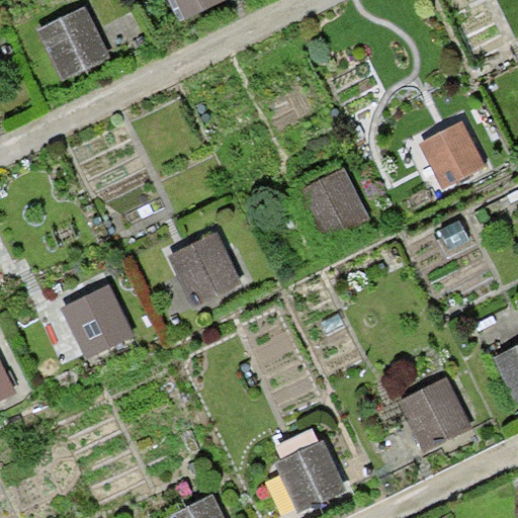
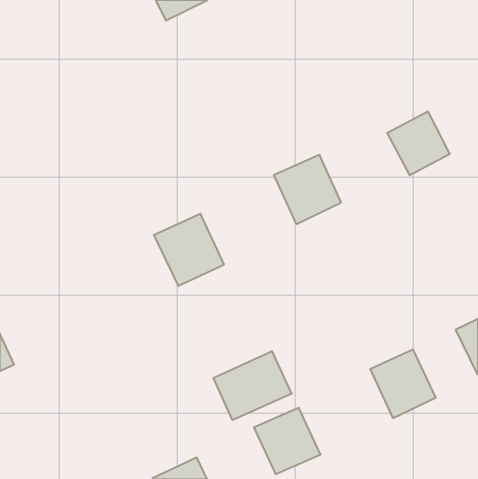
building: [36,5,110,81] -> none
building: [61,284,134,359] -> none
building: none -> [214,351,292,420]

